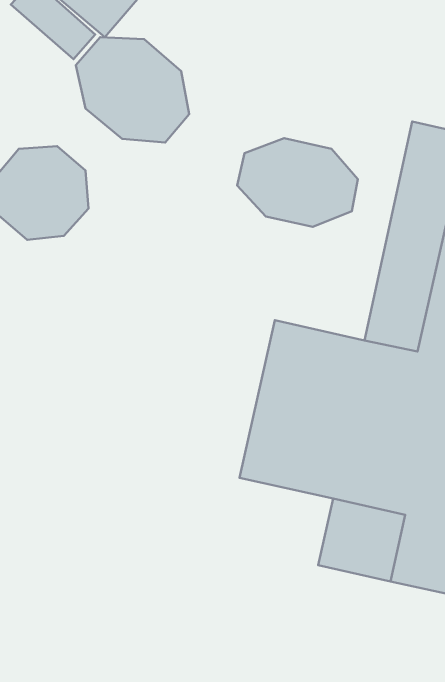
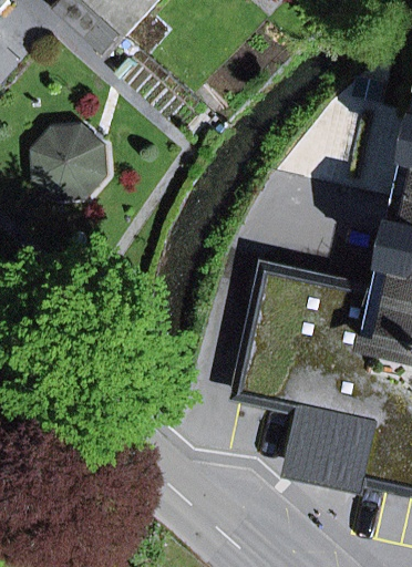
building: [76,37,189,143] -> none
building: [237,138,358,227] -> none

